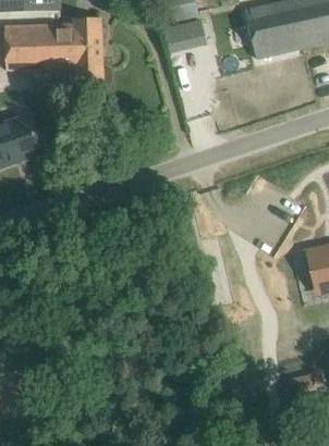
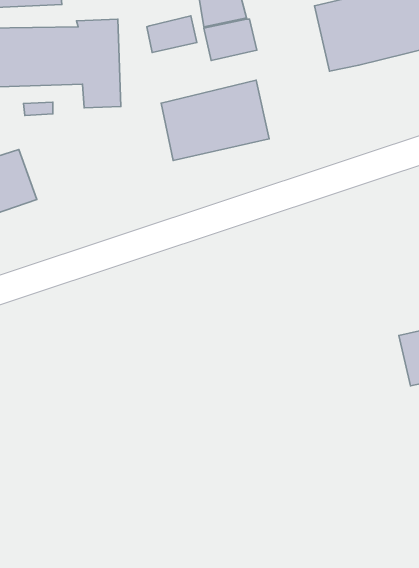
building: none -> [147,16,197,53]
building: none -> [161,80,269,160]

